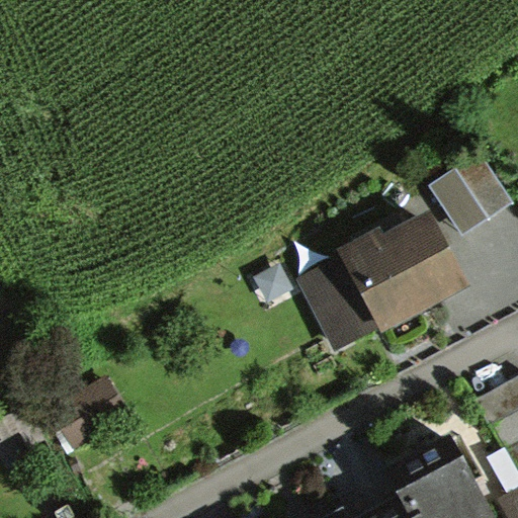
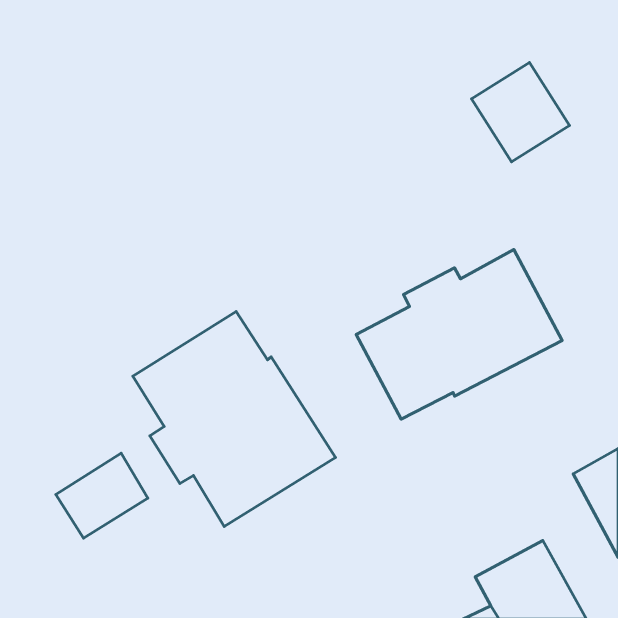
building: [429,154,511,237] -> [471,62,570,162]
building: none -> [133,312,336,527]

